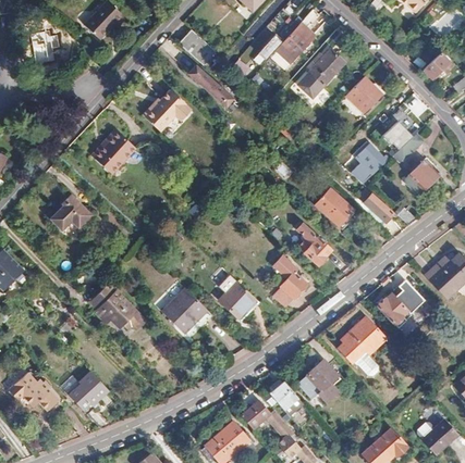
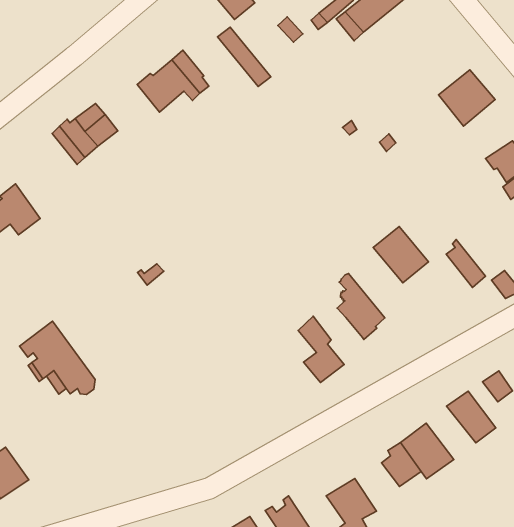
building: [308,48,344,90] -> none
building: [356,145,387,174] -> none
building: [218,280,258,317] -> none
building: [161,288,211,338] -> none

